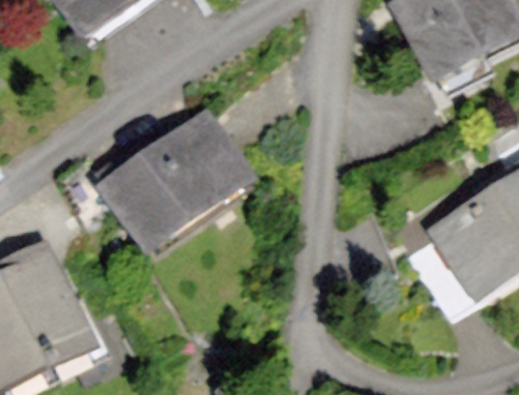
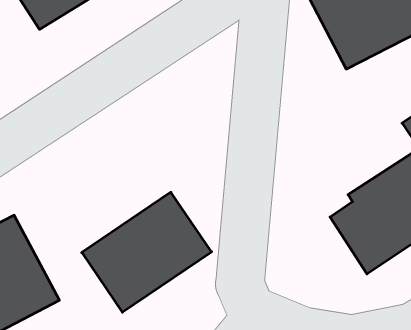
building: [104,110,253,247] -> [82,192,212,312]

